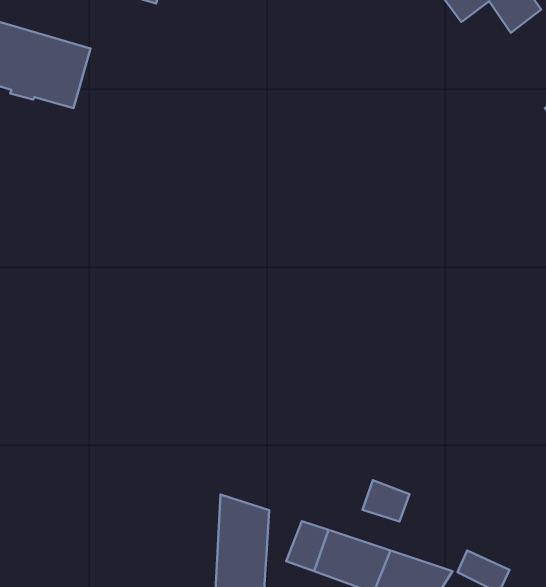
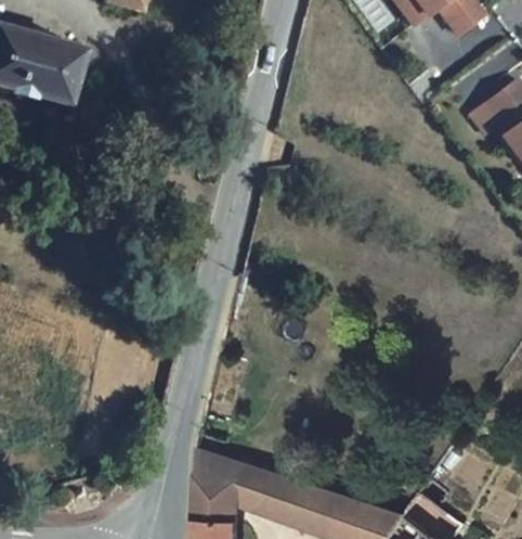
building: [362,480,410,521] -> none
building: none -> [239,462,271,508]

